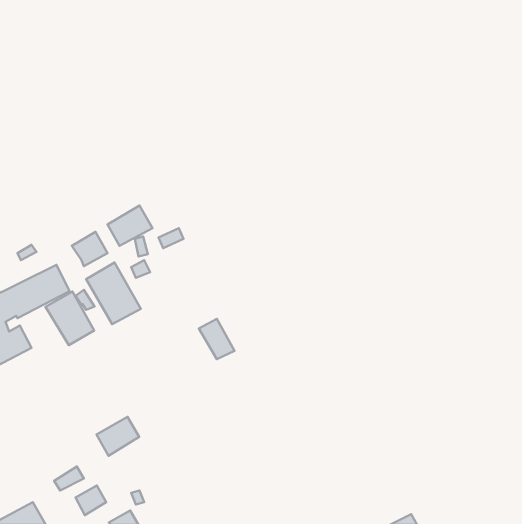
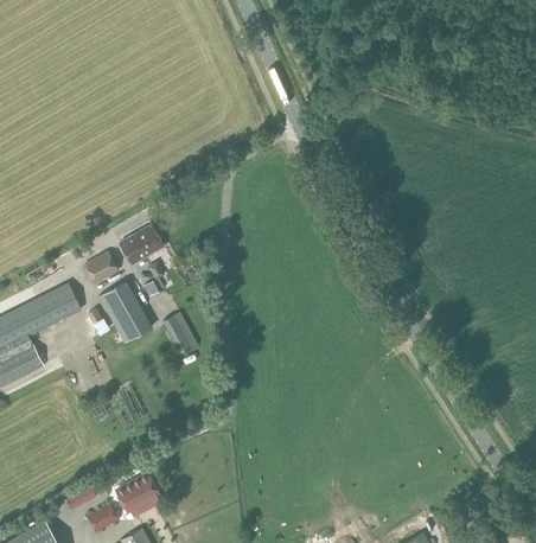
building: [45,291,94,345] -> none
building: [199,319,235,359] -> [162,311,198,351]
building: [97,417,139,456] -> [110,471,153,510]

